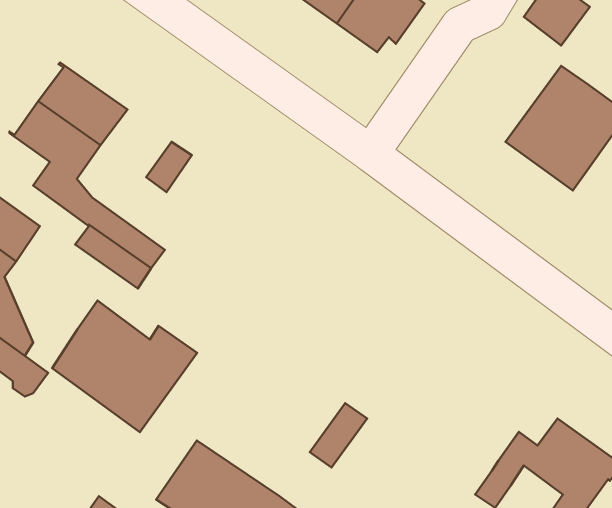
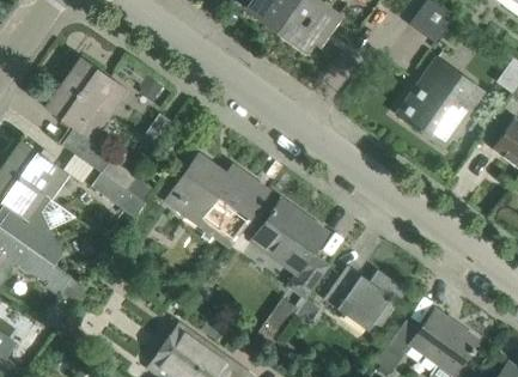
building: none -> [251,199,330,300]
building: [52,301,197,432] -> [165,153,268,247]
building: none -> [322,264,406,330]

